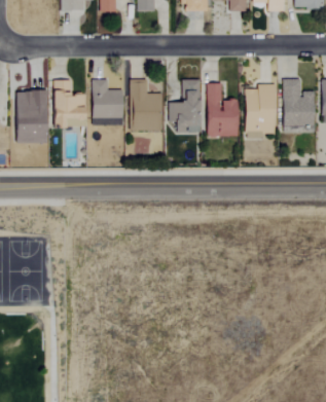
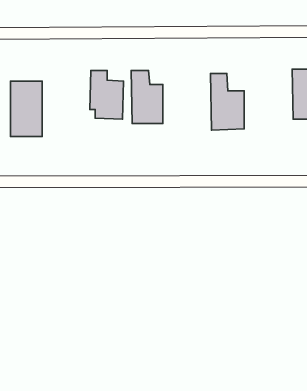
building: [169,79,201,133] -> none
building: [52,80,84,127] -> none
building: [245,84,275,139] -> none

